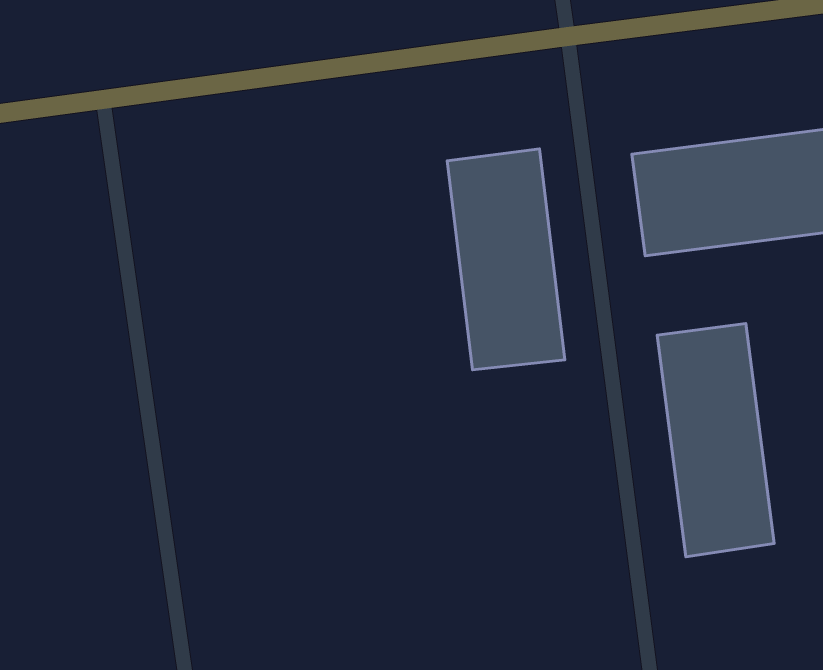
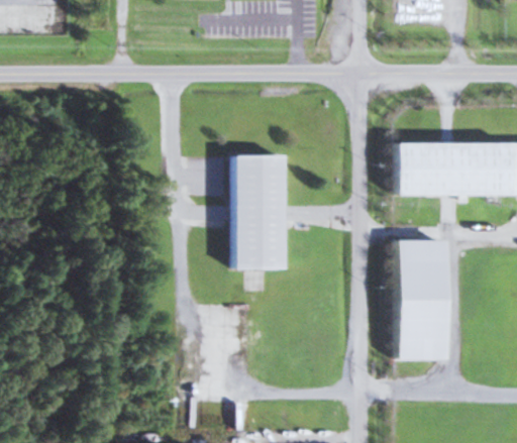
building: [447,149,565,370] -> [233,154,285,269]

